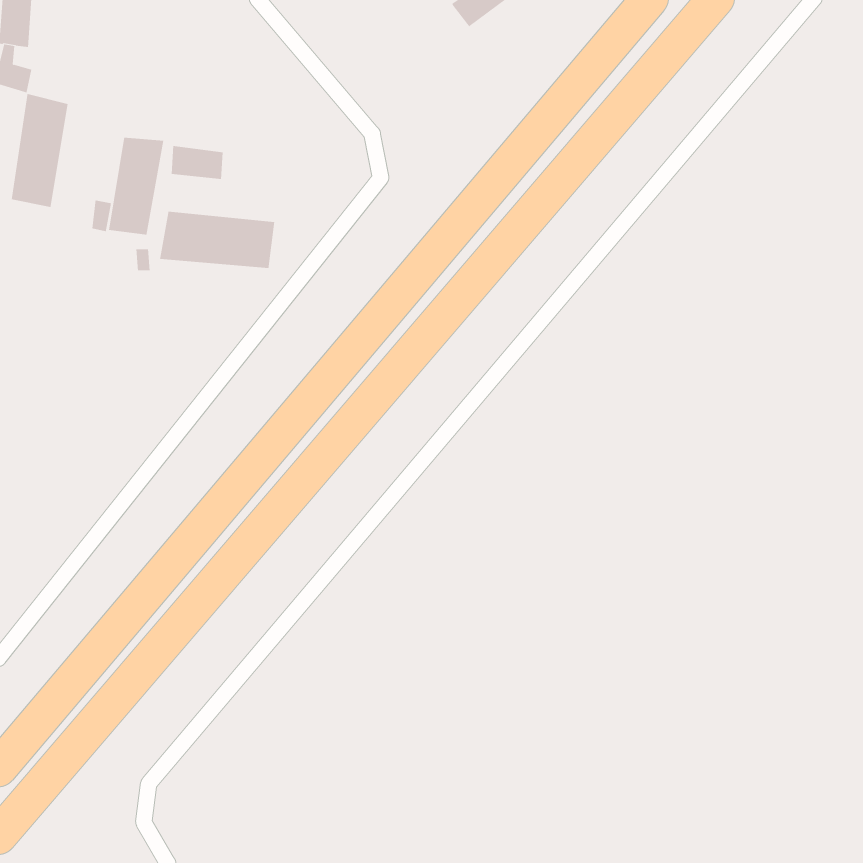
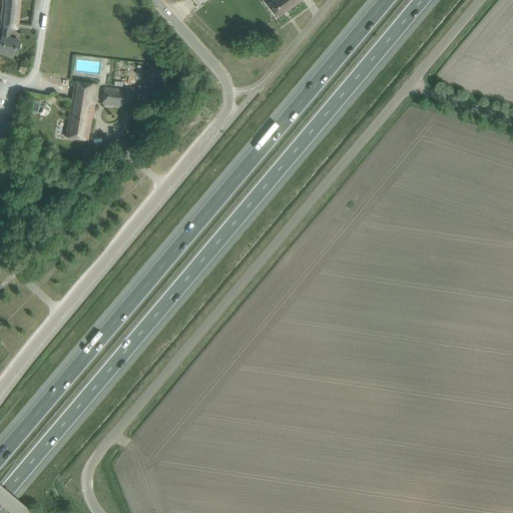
building: [11,93,68,208] -> none
building: [159,211,275,269] -> none

